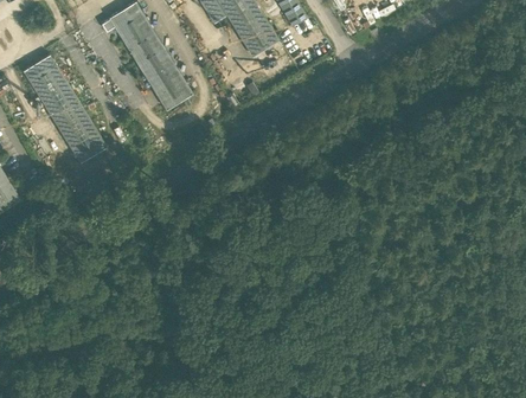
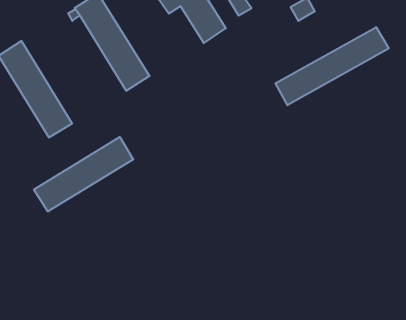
building: none -> [276,27,389,105]
building: none -> [34,137,133,212]

